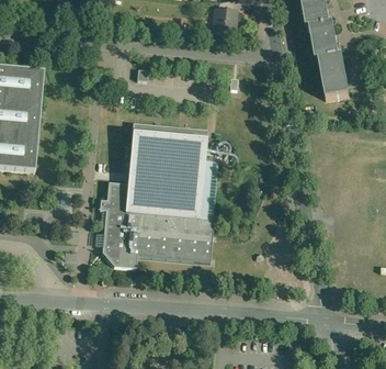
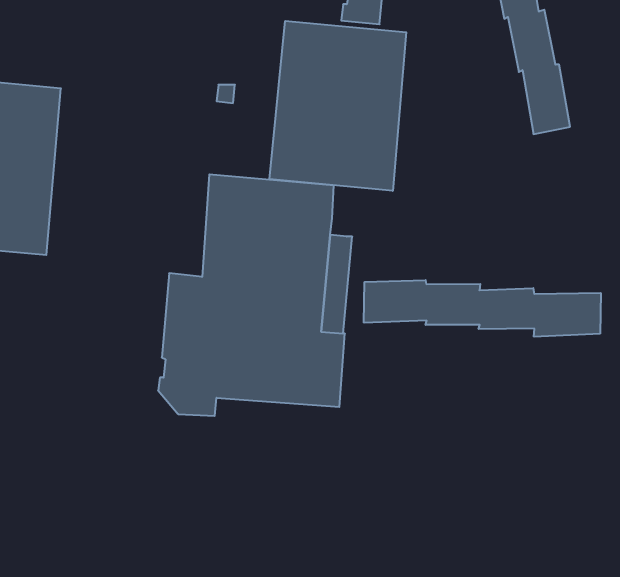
building: none -> [270,21,406,191]
building: none -> [364,280,601,337]

